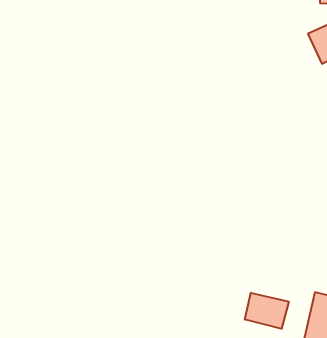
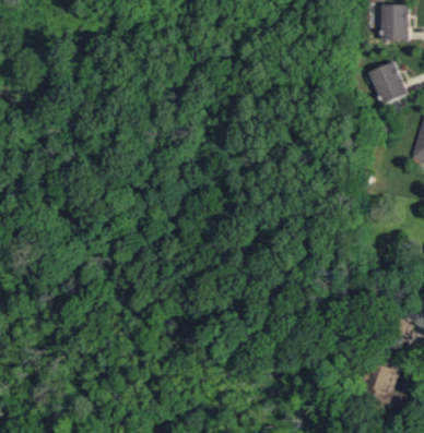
building: [245,293,289,329] -> none

